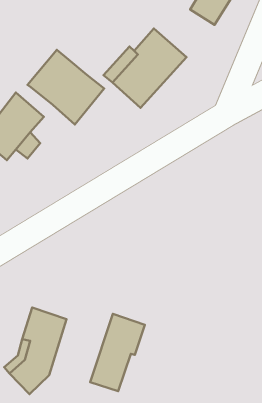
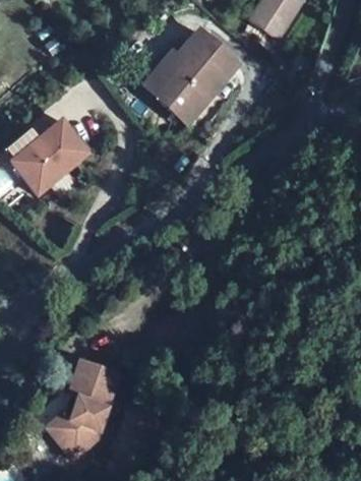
building: [28,50,104,125] -> none
building: [90,314,145,391] -> none

